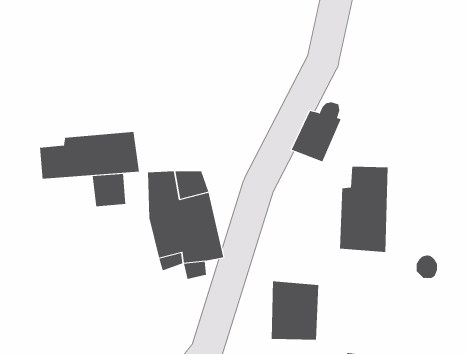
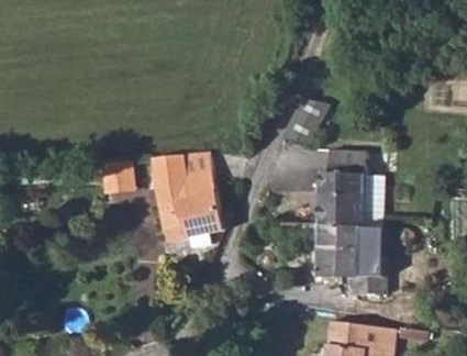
building: [40,131,140,180] -> none
building: [271,281,319,340] -> [324,227,367,280]

